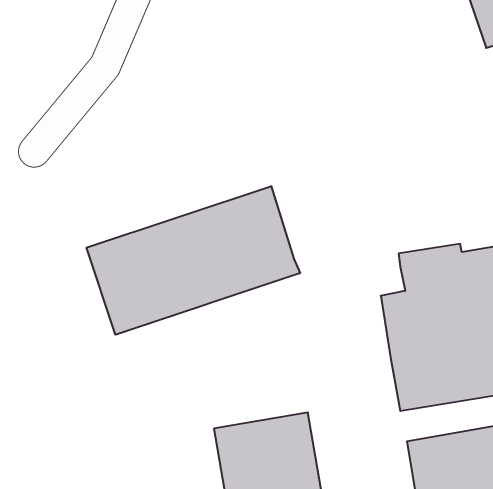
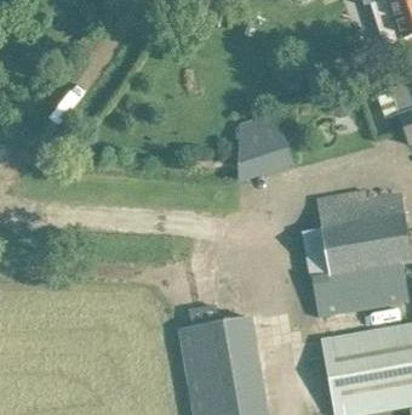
building: none -> [238,108,291,177]
building: [87,186,300,335] -> none

